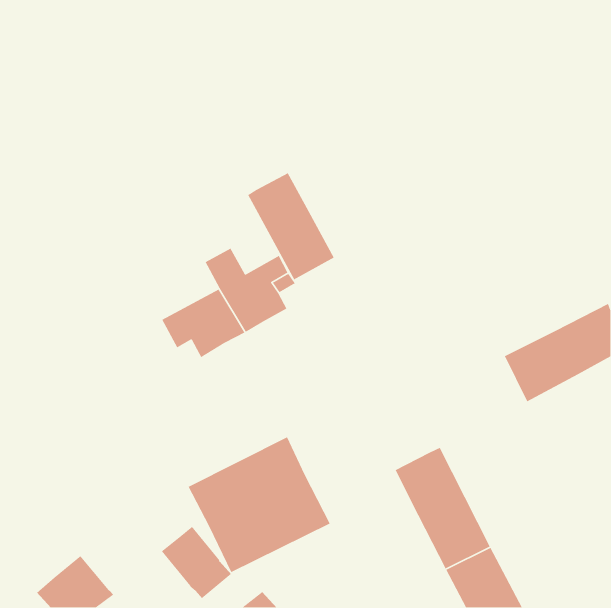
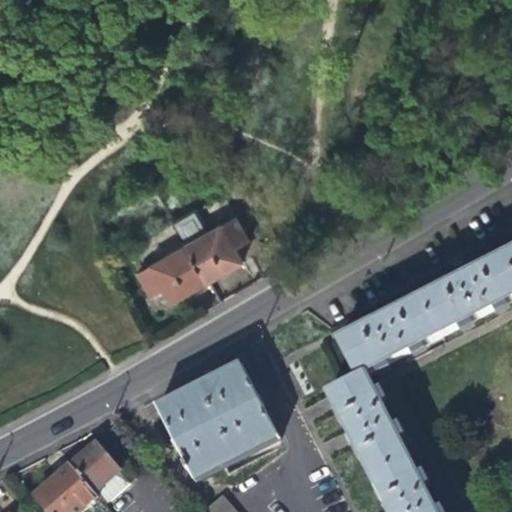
building: [247,172,335,280] -> none
building: none -> [337,296,438,376]
building: [161,526,232,599] -> [67,441,126,502]

